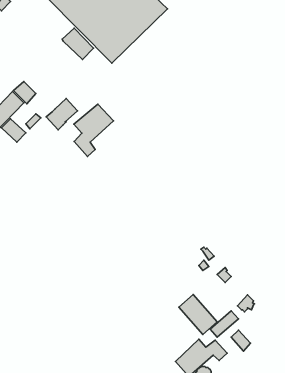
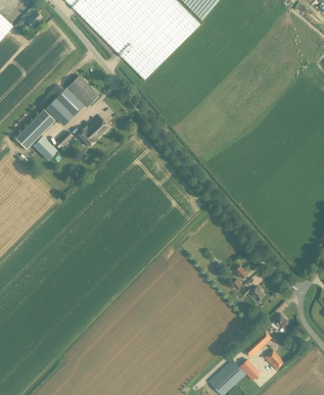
building: [62,28,94,59] -> [66,75,98,106]
building: [74,104,113,157] -> none
building: [179,294,217,335] -> none

